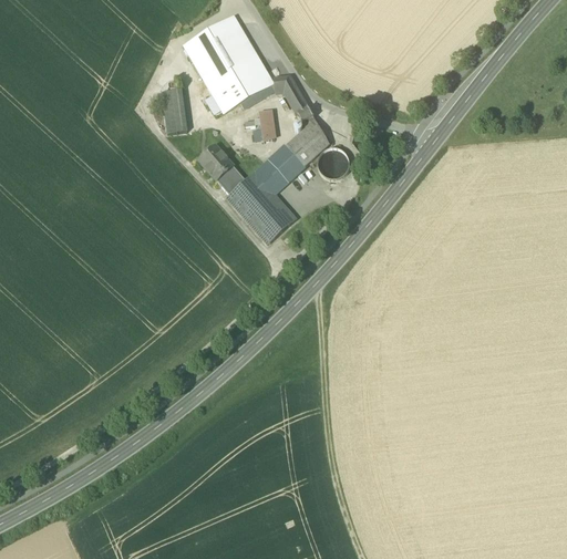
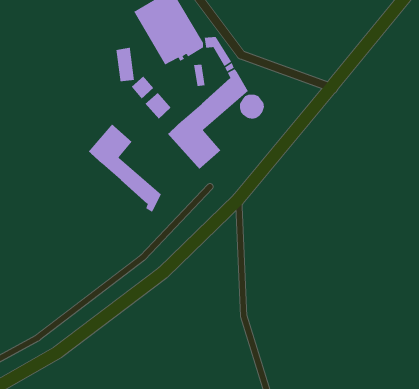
building: [216,164,245,194] -> [131,75,154,99]
building: none -> [88,123,162,213]

